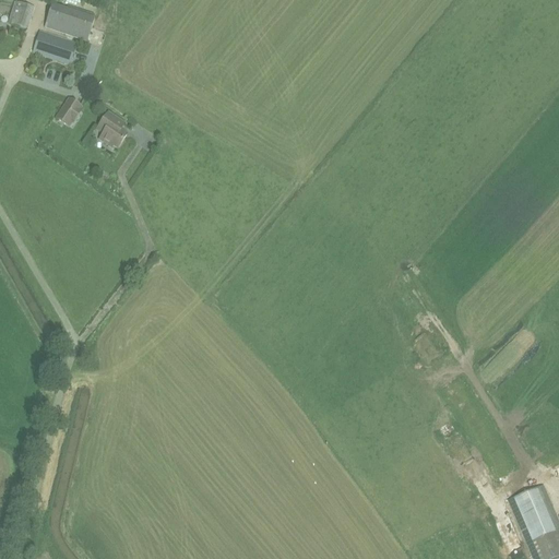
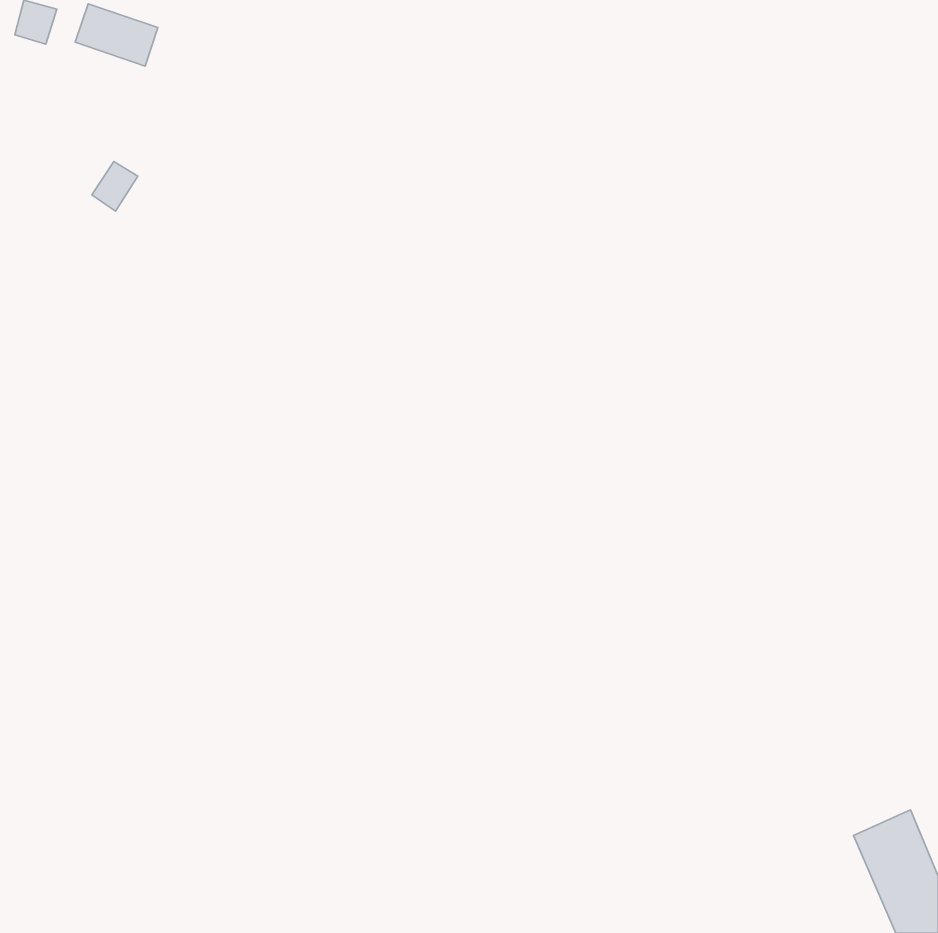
building: [33,29,76,62] -> none
building: [97,110,127,145] -> none

